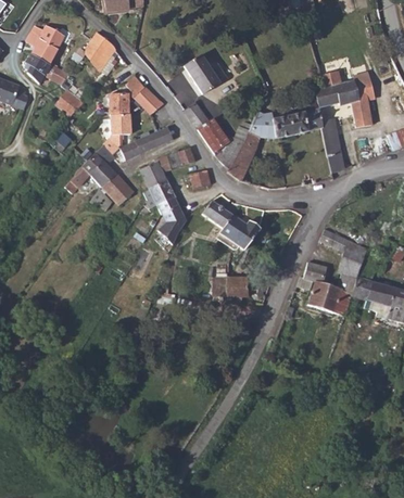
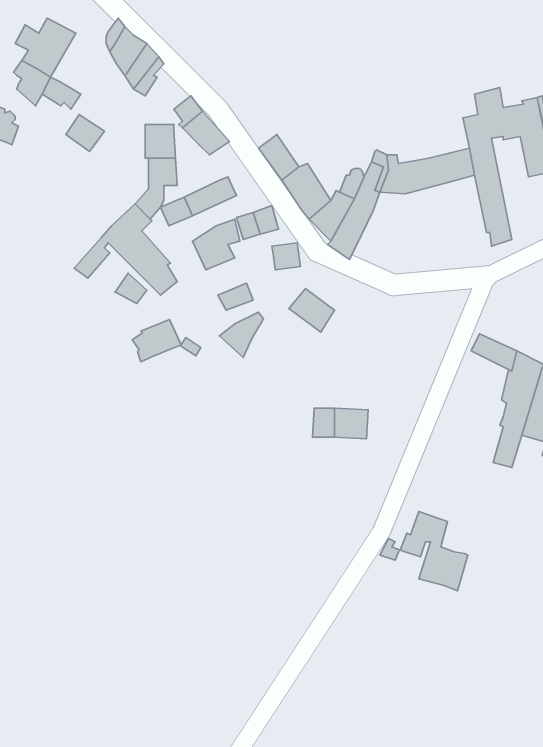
building: [181,55,228,94] -> none
building: [143,180,175,207] -> [132,319,181,362]
building: [220,214,260,250] -> none
building: [296,260,340,311] -> [400,511,468,591]

